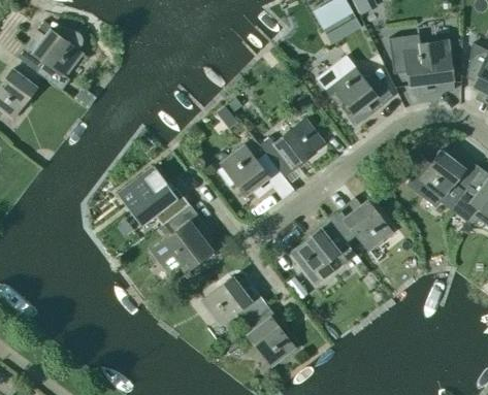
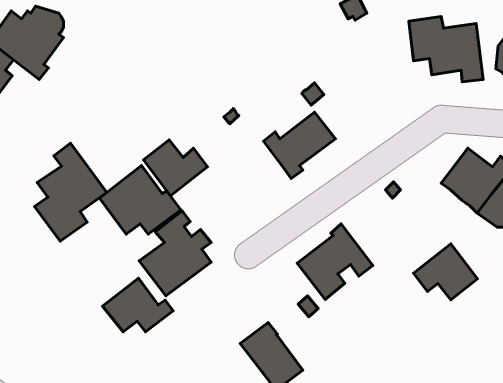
building: [316,53,394,126] -> none
building: [222,145,279,195] -> [144,140,208,196]
building: none -> [34,143,107,241]
building: [335,200,392,250] -> [413,244,477,300]
building: [201,276,264,324] -> [102,278,173,332]

